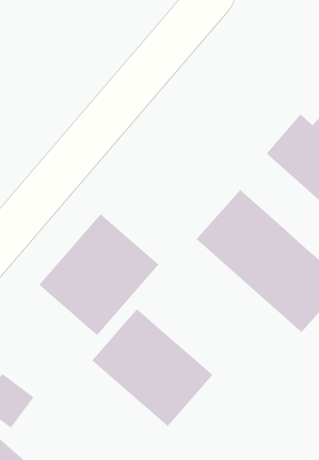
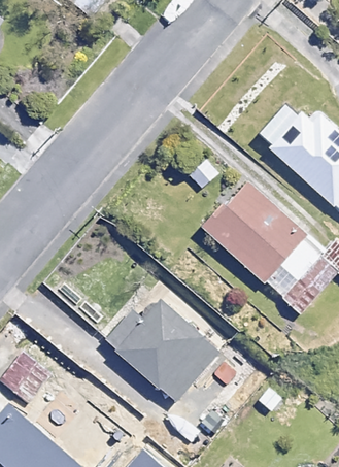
building: [38,213,160,336] -> none

